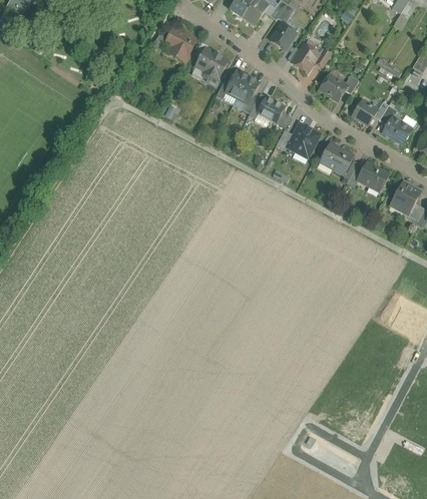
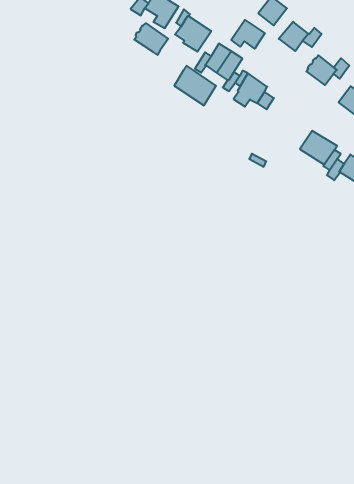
building: none -> [231,20,265,49]
building: none -> [134,23,168,55]
building: none -> [174,66,216,106]
building: [287,122,320,156] -> none

